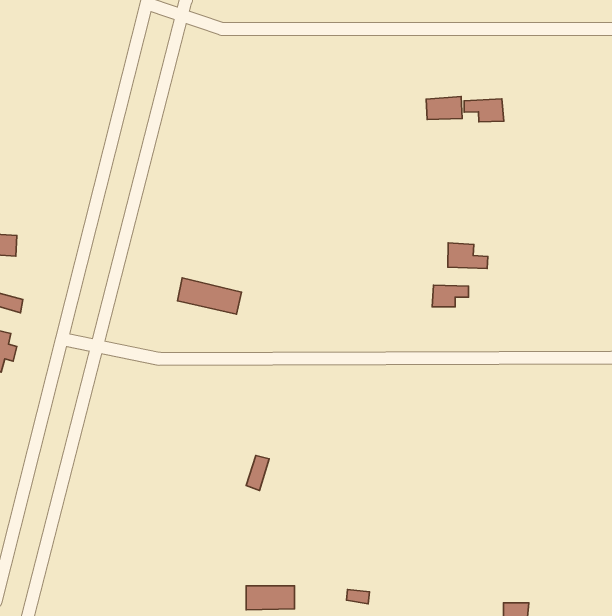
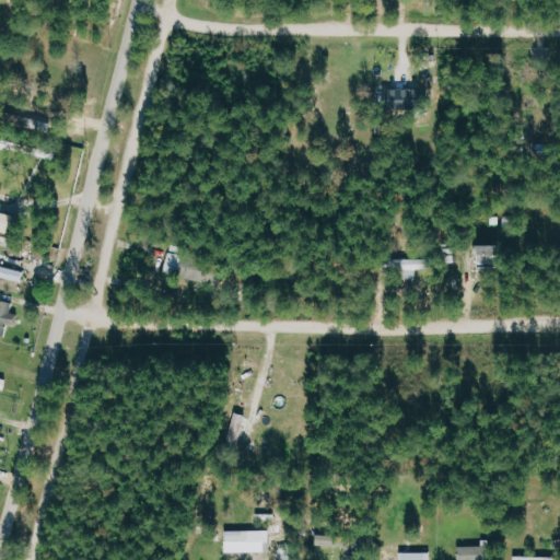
building: [464,99,504,122] -> none
building: [448,243,488,269] -> none
building: none -> [478,245,499,268]

